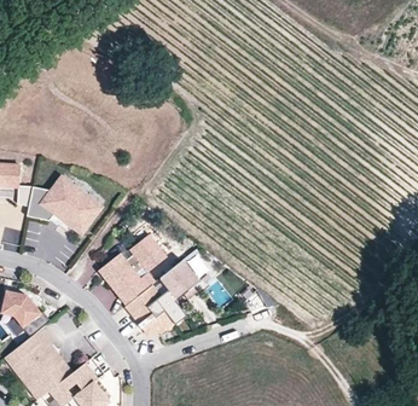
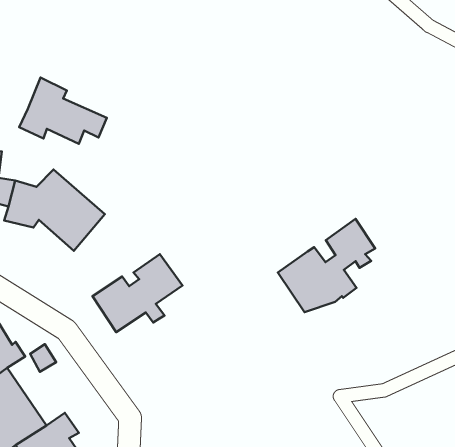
building: none -> [19,78,107,144]
building: [126,260,199,335] -> [278,219,375,312]

